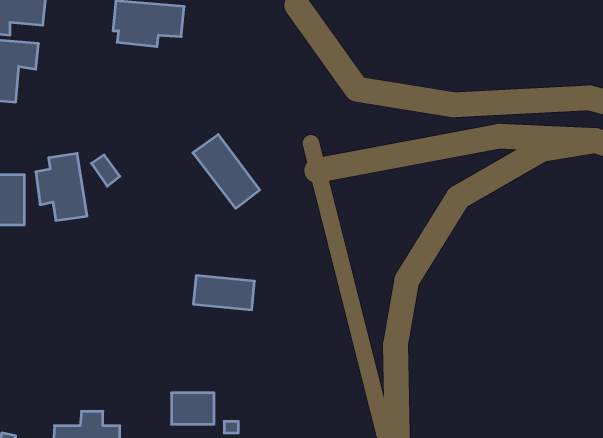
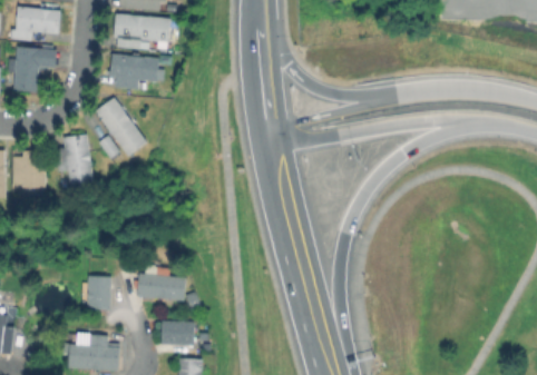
building: none -> [108,51,158,90]
building: [193,134,260,208] -> [95,98,147,156]
building: [193,276,255,310] -> [137,274,185,300]
building: none -> [86,277,109,309]

